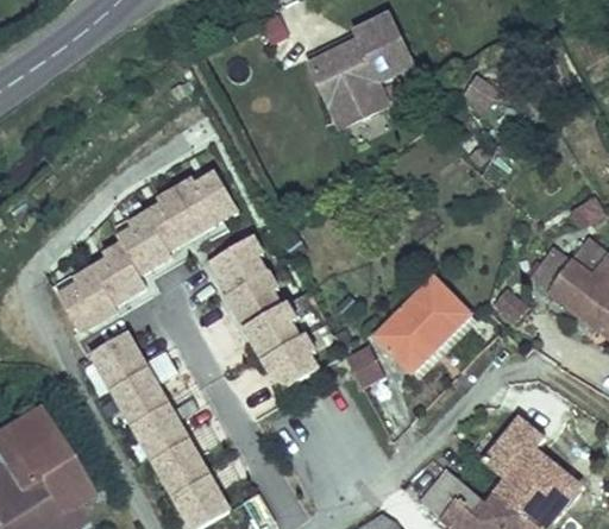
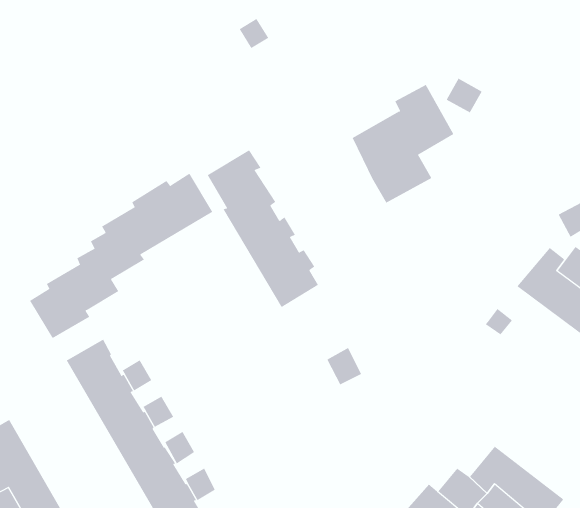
building: [312,19,412,136] -> [352,84,454,204]
building: [208,234,318,389] -> [207,150,319,308]
building: [376,271,466,361] -> none

